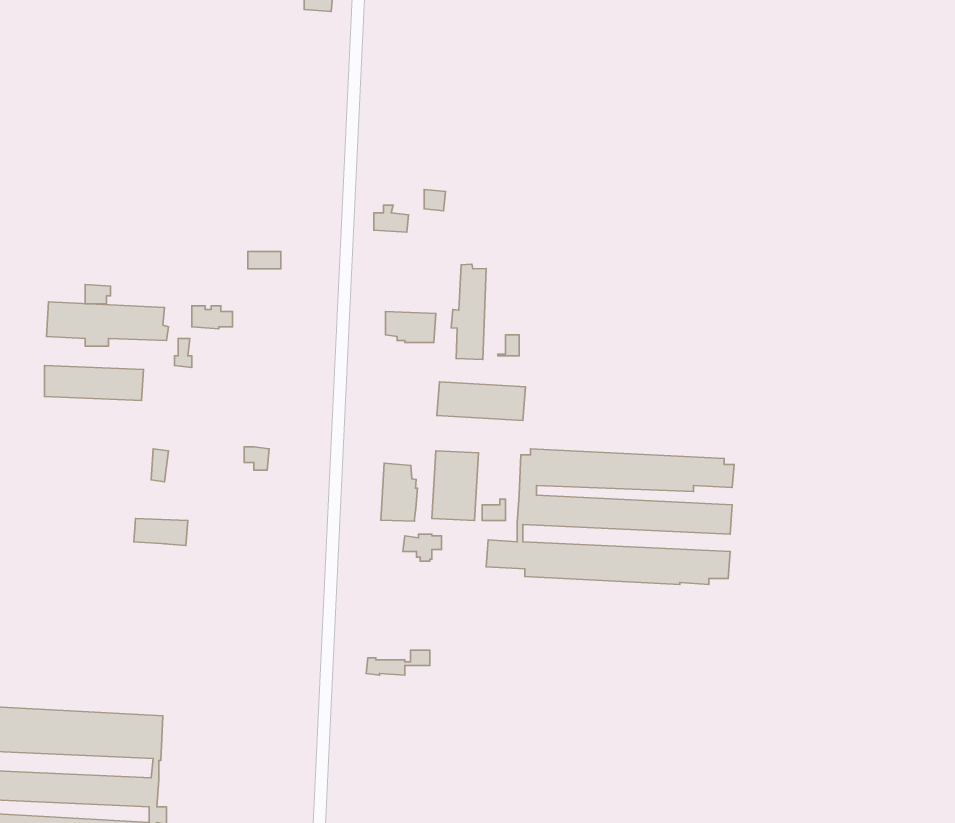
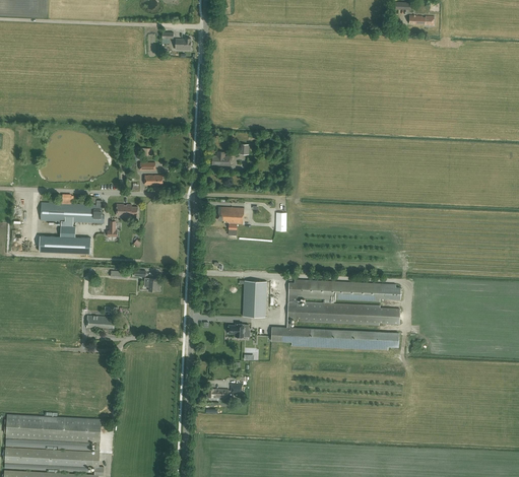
building: [451,264,486,359] -> none
building: [437,382,525,420] -> none
building: [381,463,418,521] -> none

